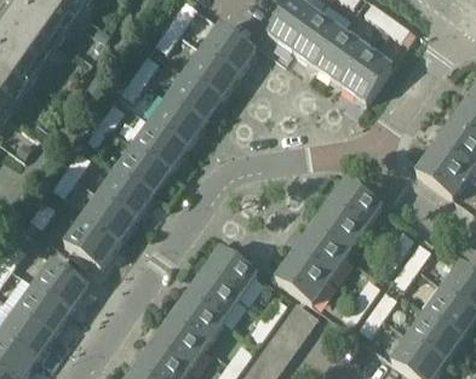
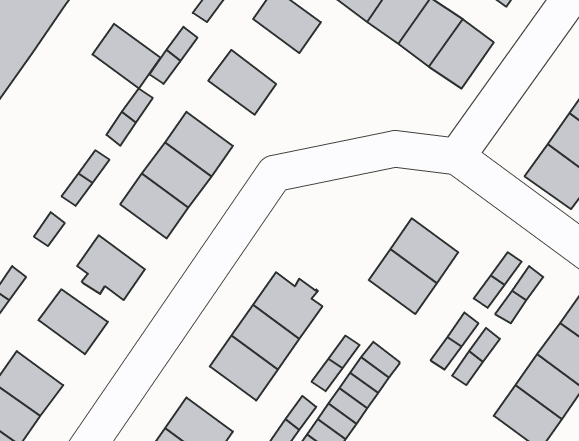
building: [185,47,239,98] -> none
building: [150,96,203,147] -> [92,24,160,89]
building: [327,179,382,230] -> none
building: [81,193,134,243] -> none
building: [275,252,329,303] -> none
building: [17,283,70,334] -> none
building: [150,320,205,371] -> none

